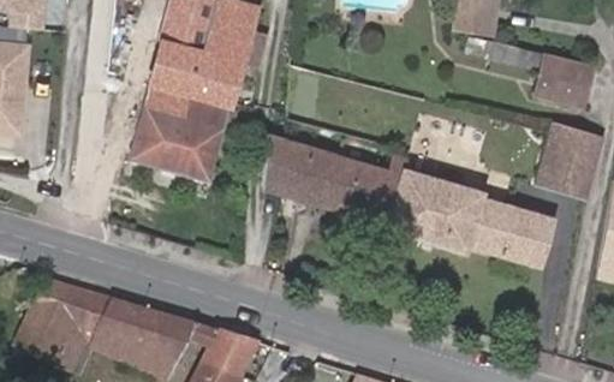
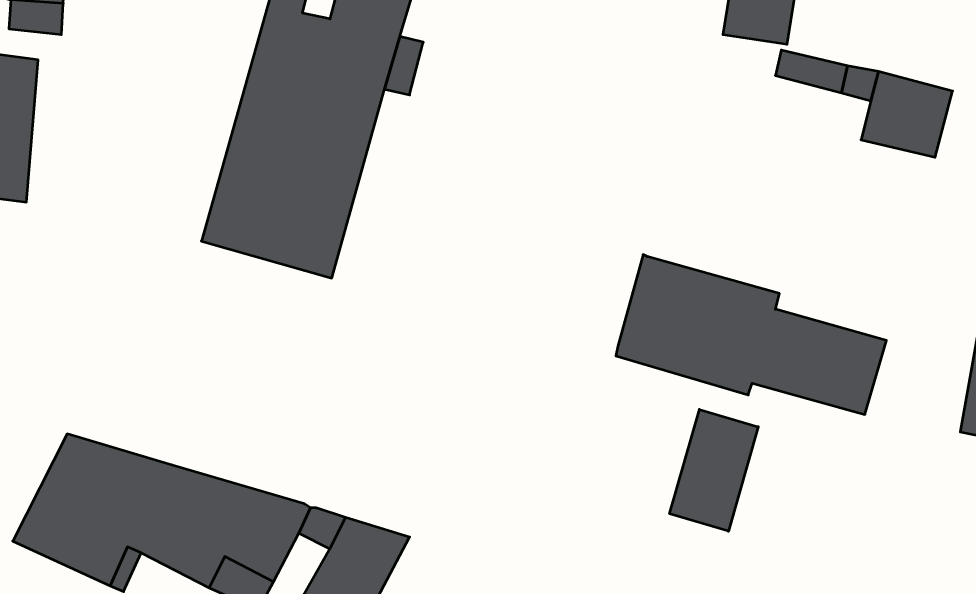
building: [536,123,603,198] -> none
building: [263,136,407,222] -> none
building: none -> [670,409,758,531]

